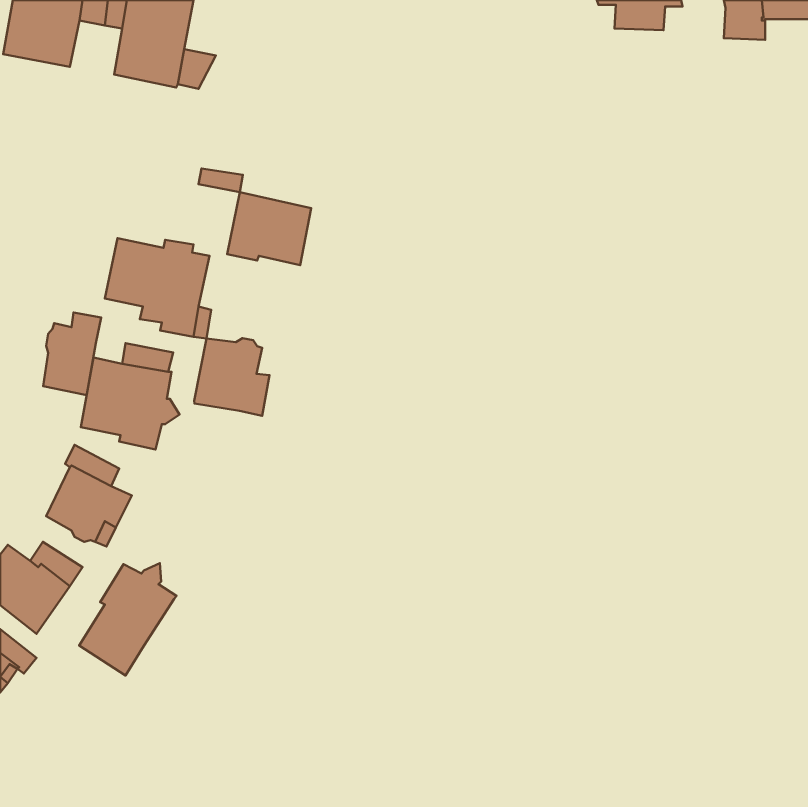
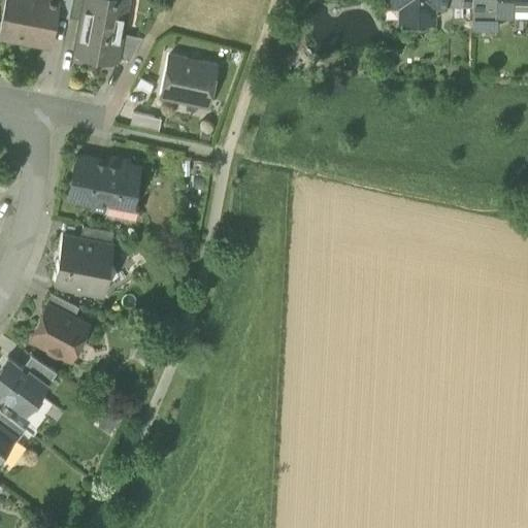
building: [227,192,311,265] -> [162,57,217,104]
building: [43,313,101,395] -> none
building: [194,338,270,416] -> none
building: [79,563,177,676] -> none

